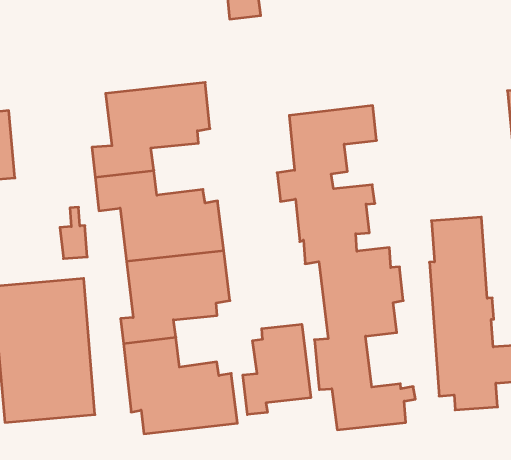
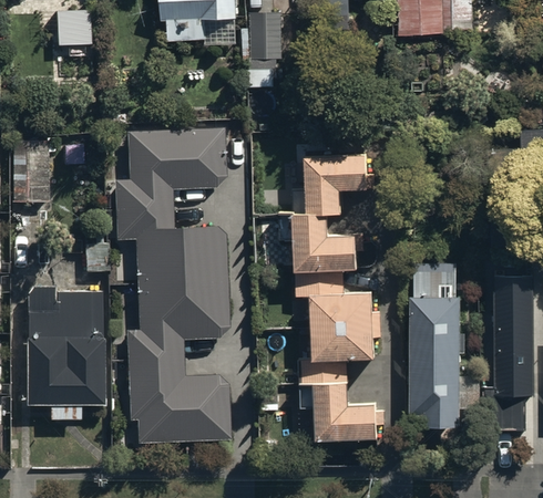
building: [243,324,311,415] -> none

